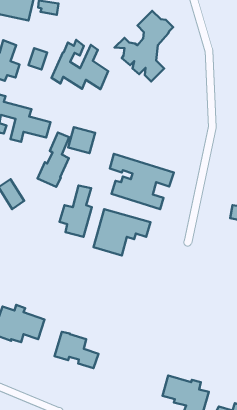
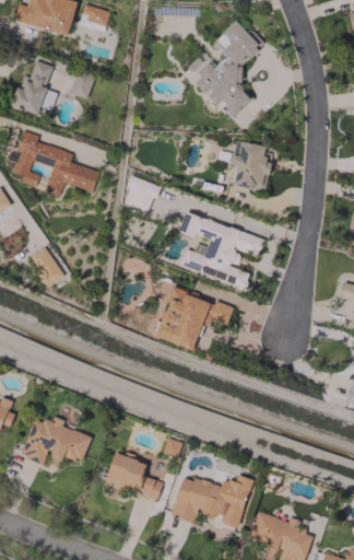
building: [52,40,108,89] -> none
building: none -> [228,140,271,190]
building: [38,132,69,187] -> none
building: [60,186,92,237] -> none
building: none -> [170,474,251,527]

